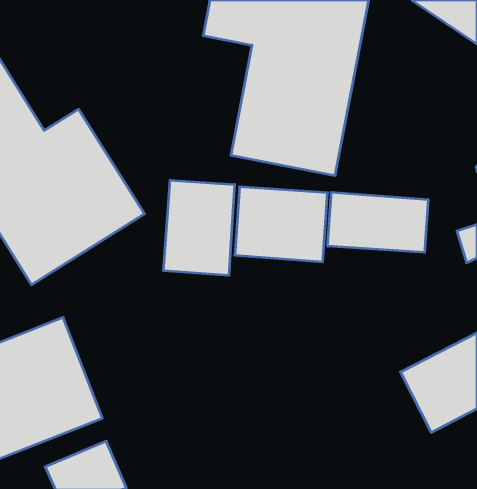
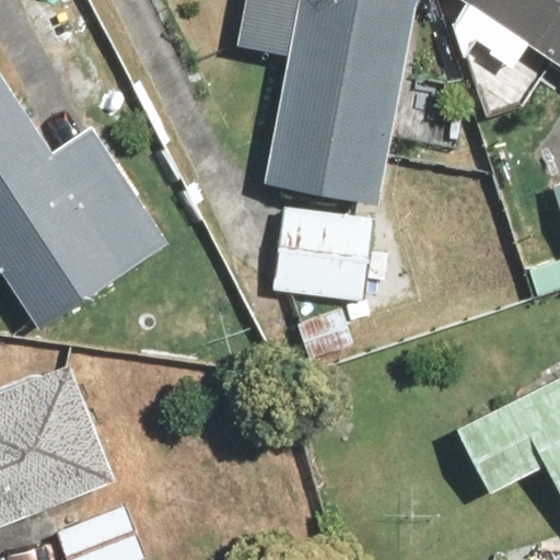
building: [164,180,235,275] -> none
building: [328,192,428,252] -> none

